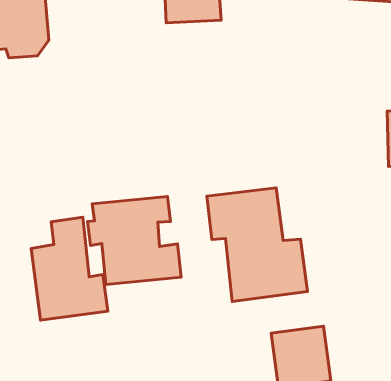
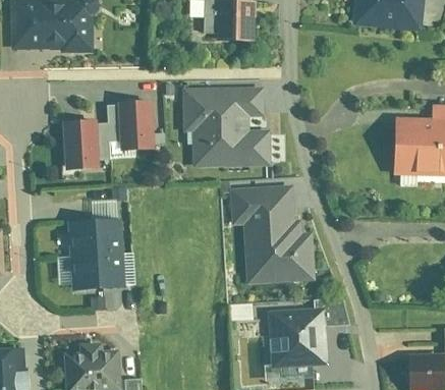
building: none -> [117,106,151,151]
building: none -> [64,124,98,170]
building: [88,196,181,285] -> [188,88,268,162]

